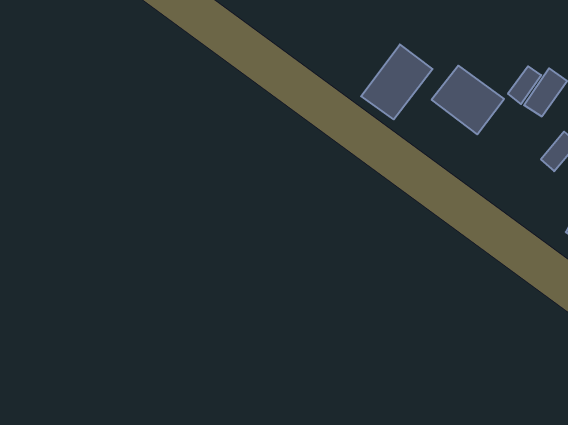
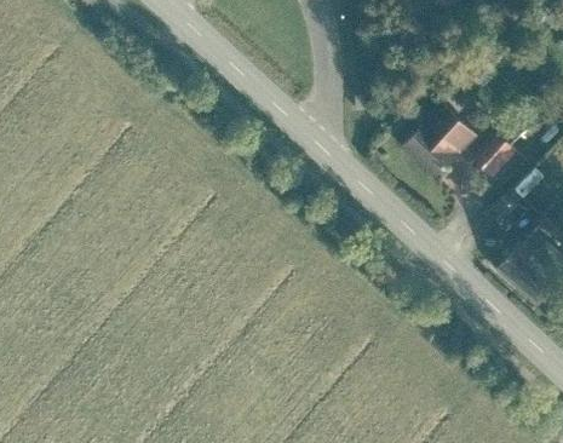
building: [361,44,433,119] -> none

